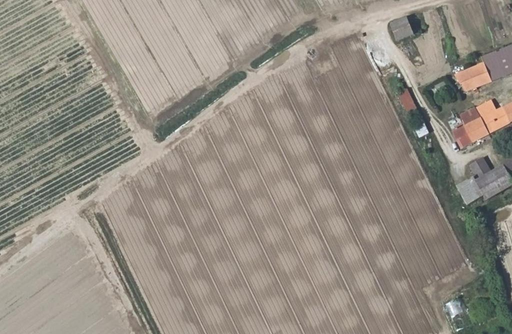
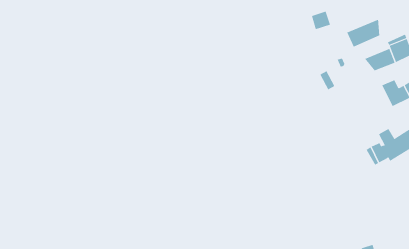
building: none -> [346,19,380,48]
building: [452,107,488,147] -> none

